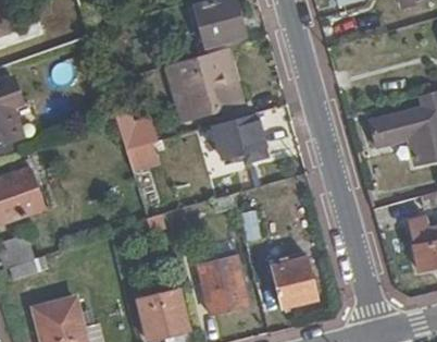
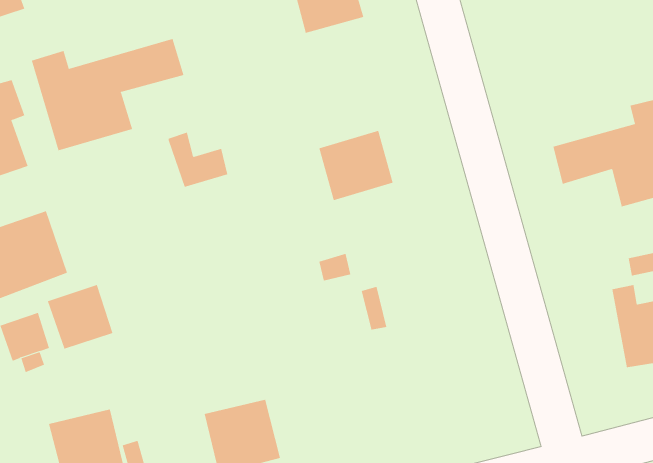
building: [163,50,239,122] -> none
building: none -> [31,38,184,151]
building: none -> [47,284,113,349]
building: [198,256,249,315] -> none
building: [270,257,319,308] -> none

